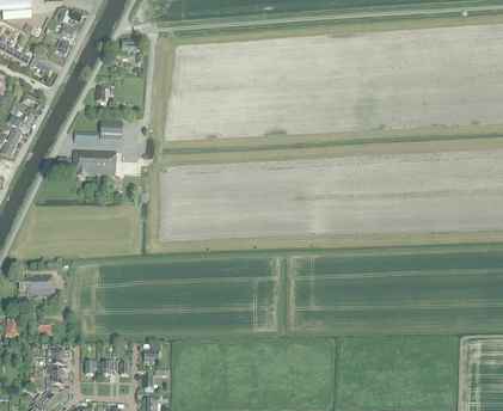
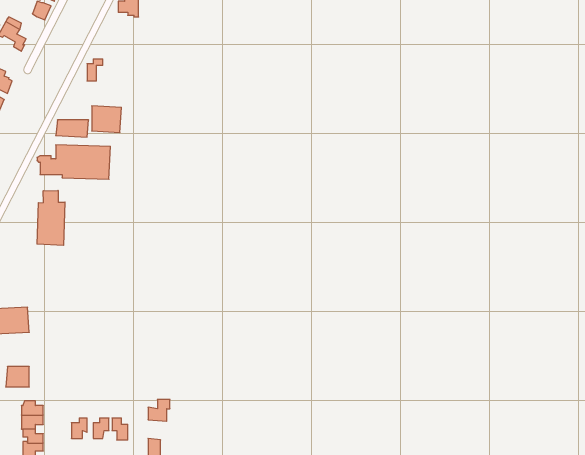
building: none -> [37,190,65,245]

